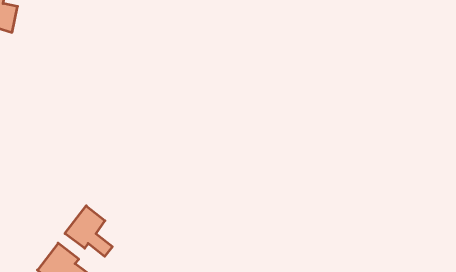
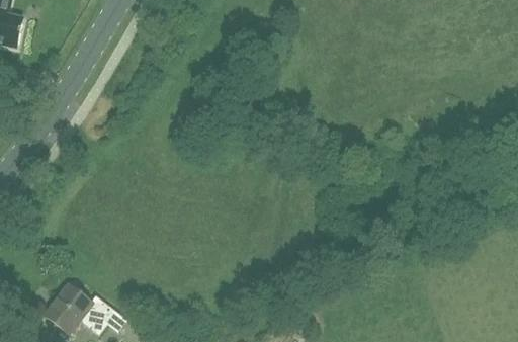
building: [65,206,112,256] -> none

